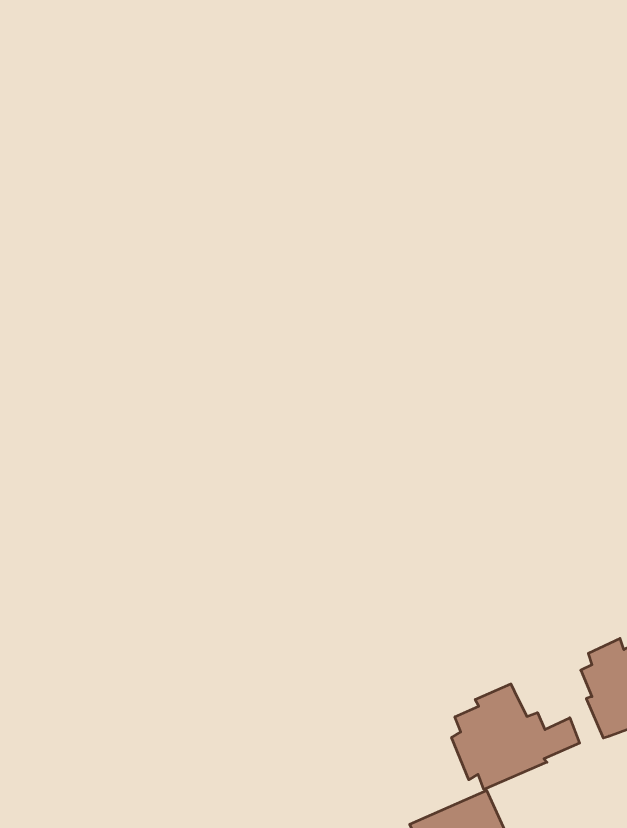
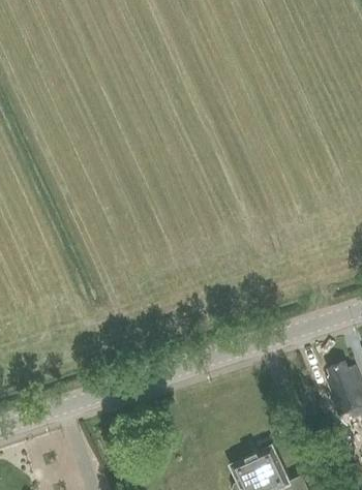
building: [452,684,580,789] -> none

